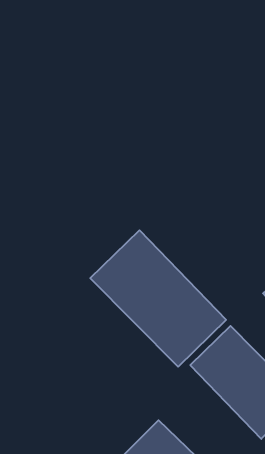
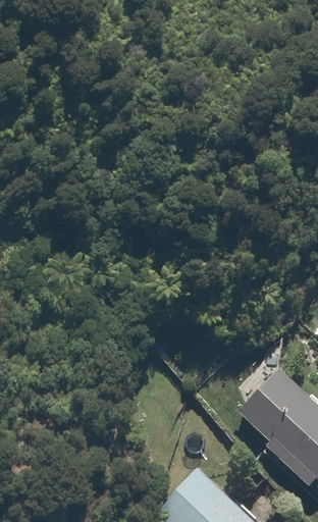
building: [90,230,226,367] -> none

